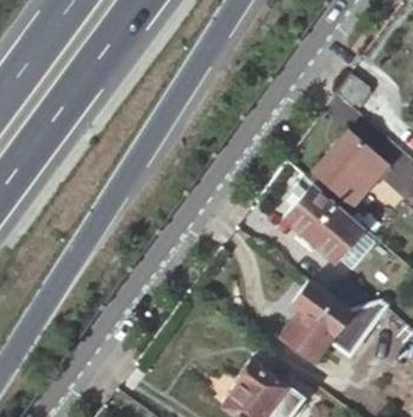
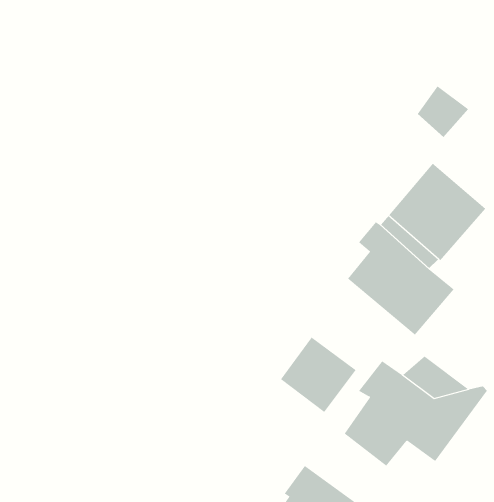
building: none -> [280,337,357,413]

